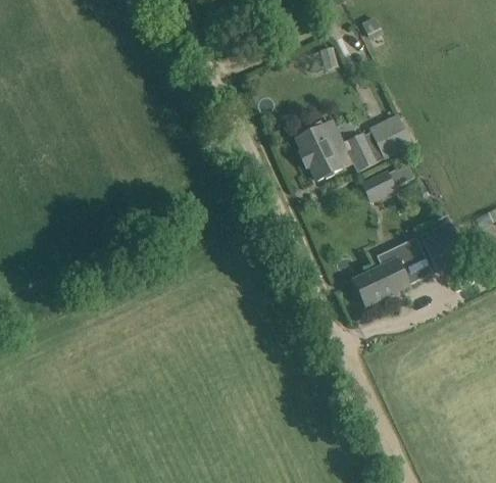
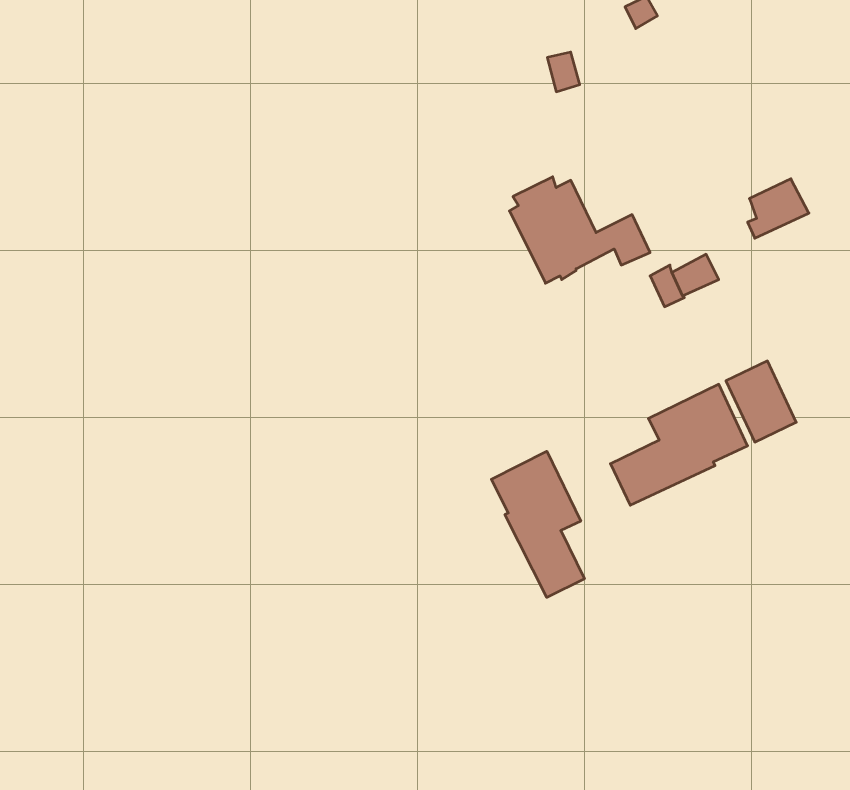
building: [374,127,408,160] -> [748,179,809,238]
building: none -> [491,451,584,597]

